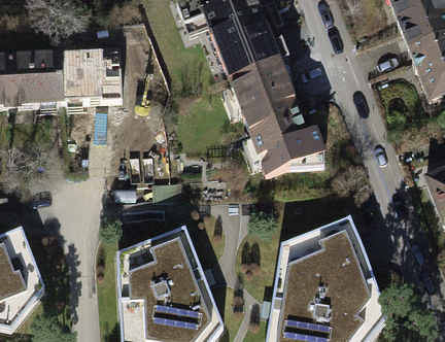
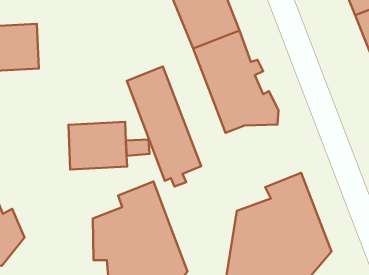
building: [60,52,124,103] -> [68,122,127,169]
building: none -> [127,66,201,186]

